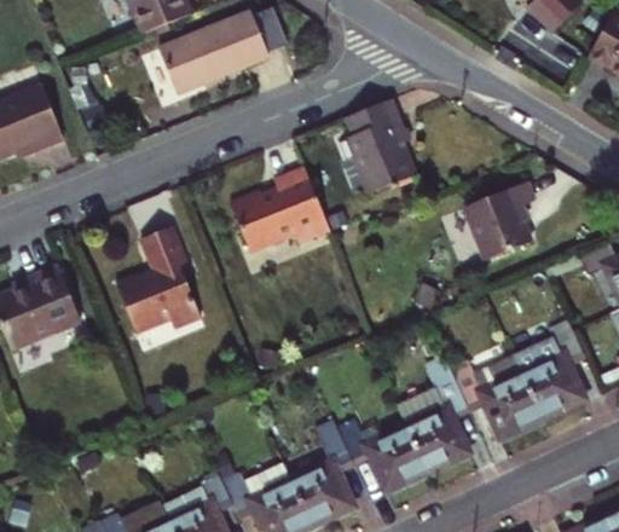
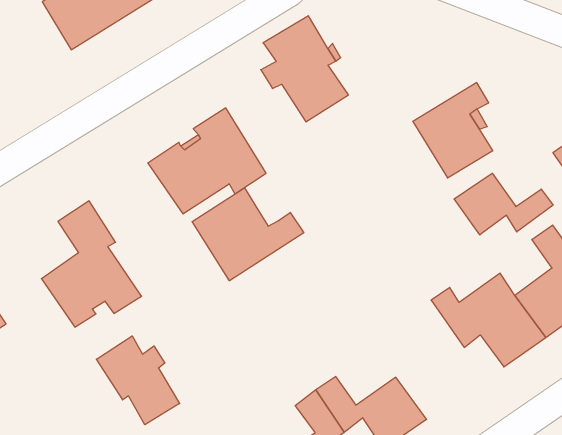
building: none -> [192,188,304,281]
building: none -> [454,173,553,235]
building: none -> [96,336,180,425]
building: [411,359,475,468] -> none

